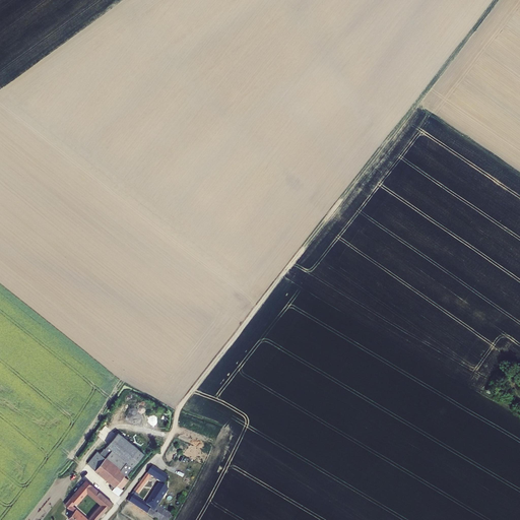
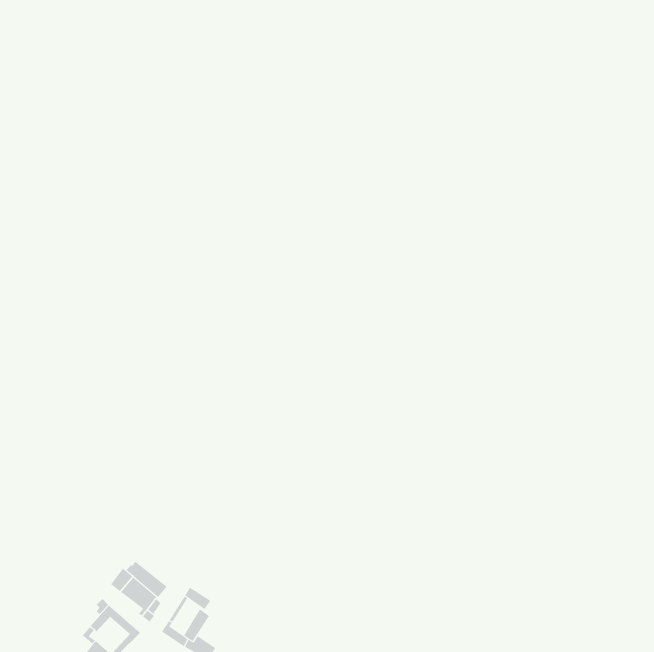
building: [108,434,144,467] -> none

